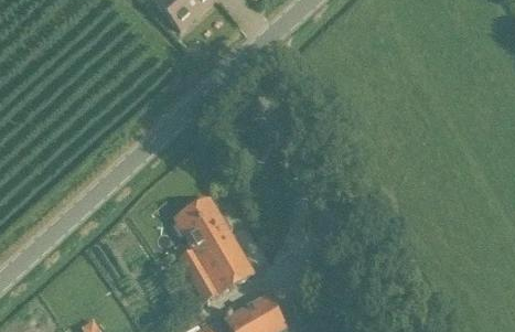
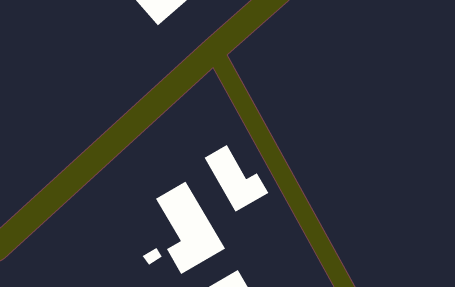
building: none -> [204,144,269,213]

